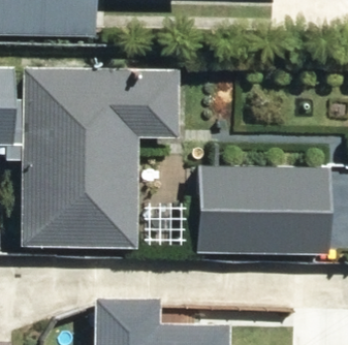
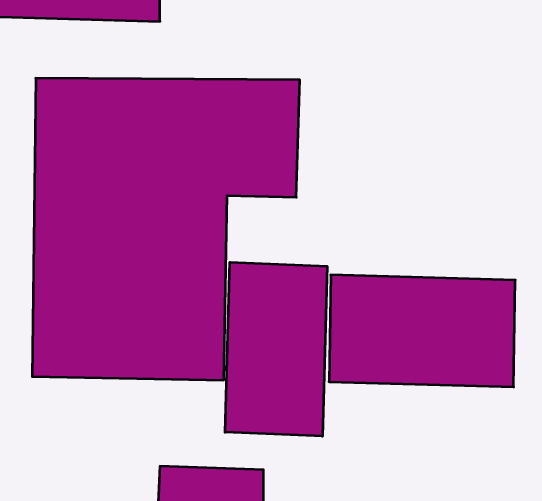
building: none -> [225,262,327,436]

